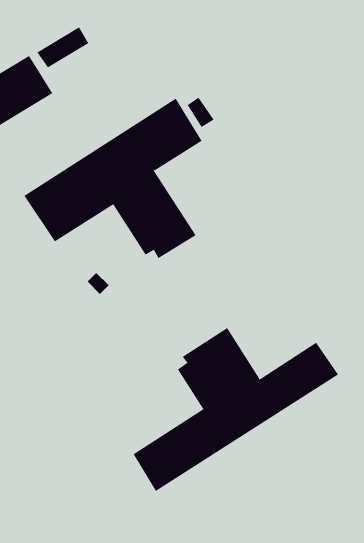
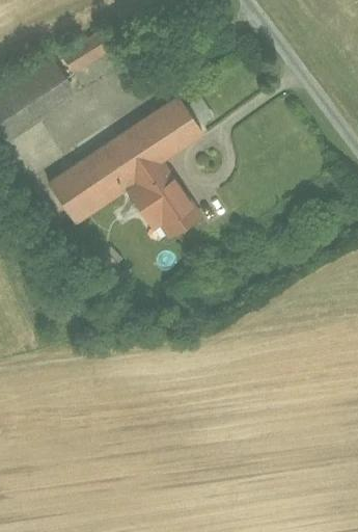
building: [133,327,339,492] -> none

